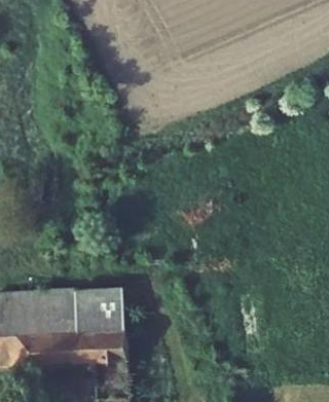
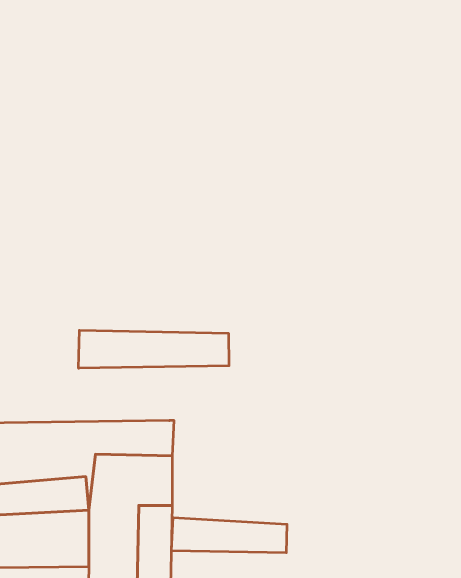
building: none -> [79,330,229,368]
building: none -> [172,518,287,553]

